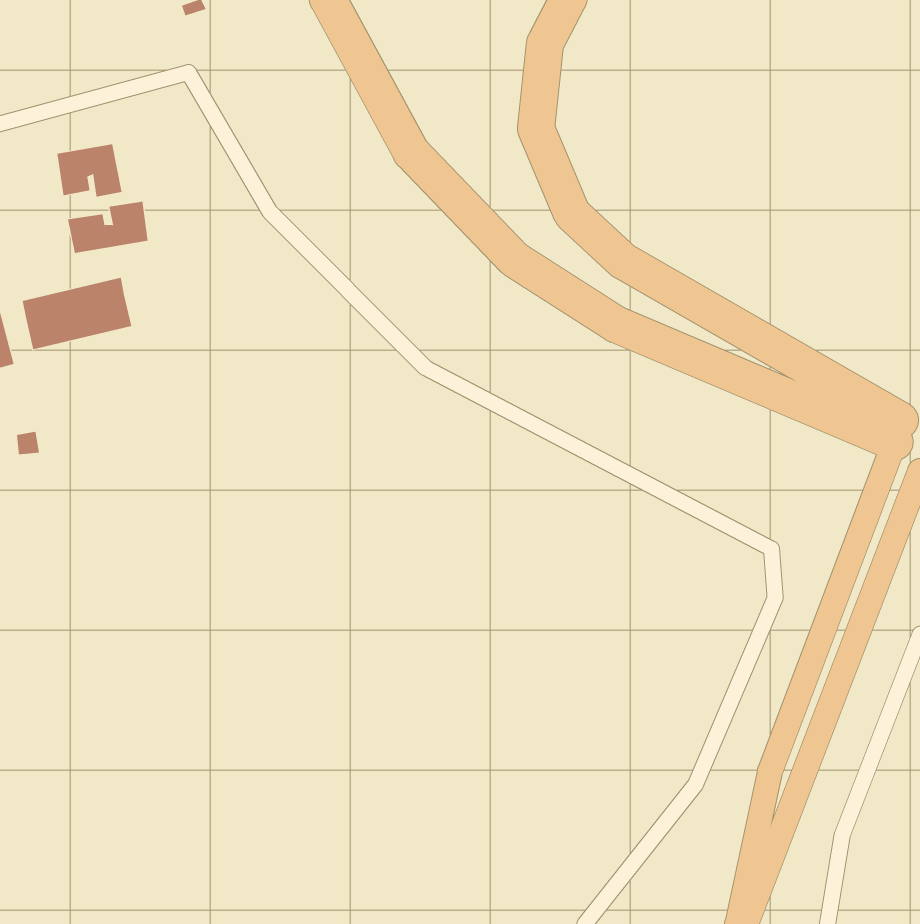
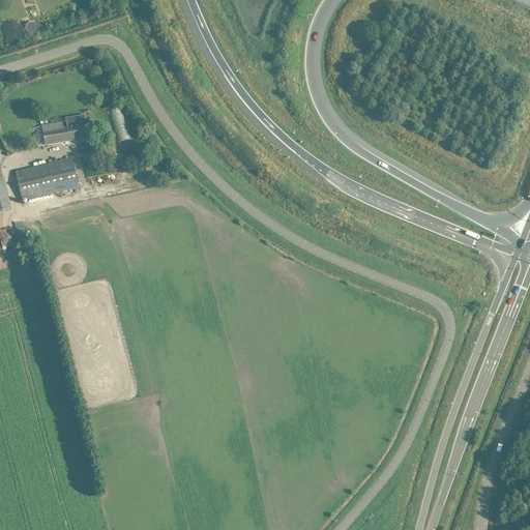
building: [57,144,122,197] -> none

